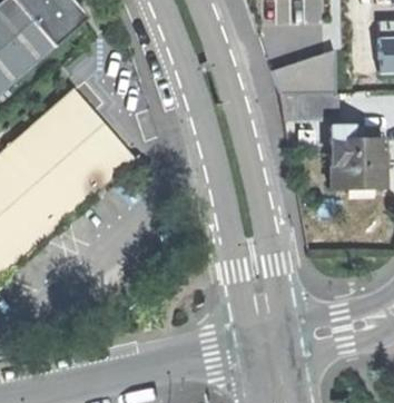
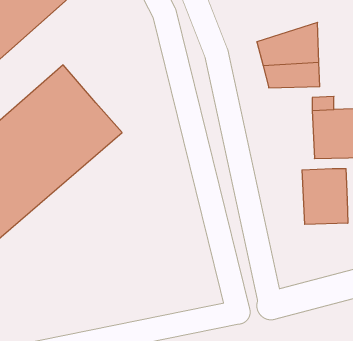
building: none -> [302,169,348,224]

